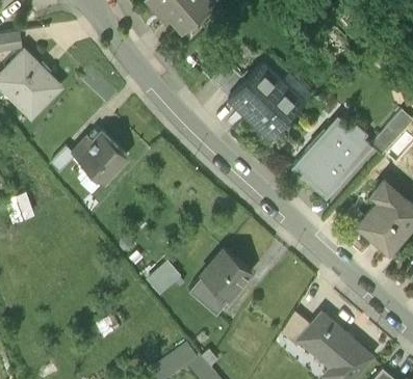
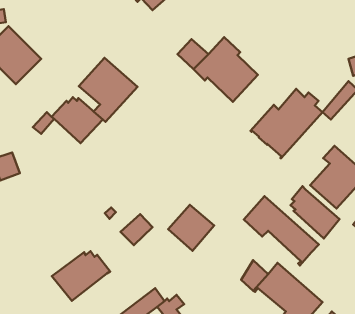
building: none -> [79,58,138,122]
building: none -> [291,186,339,238]
building: none -> [244,196,319,265]
building: [188,276,228,315] -> none
building: none -> [52,251,110,301]

